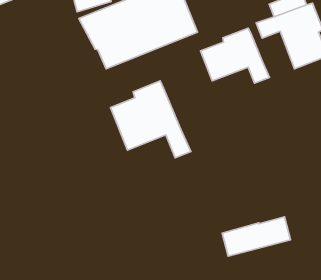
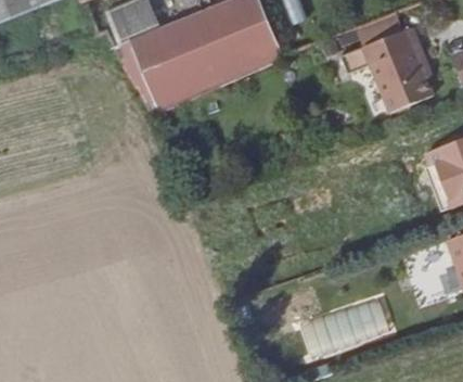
building: [200,28,269,83] -> none
building: [110,81,191,158] -> none

